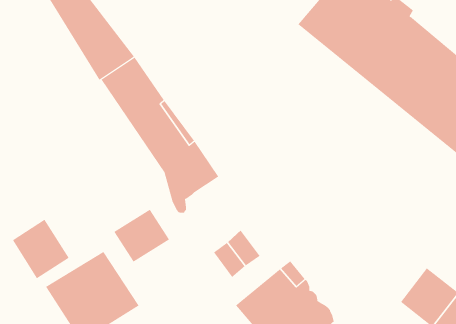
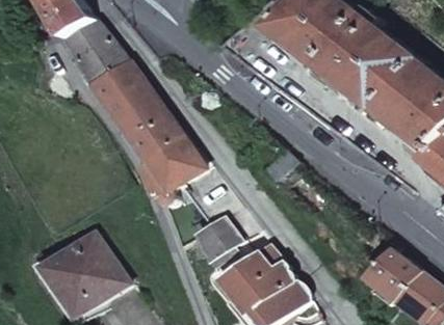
building: [114,209,170,262] -> none
building: [12,219,69,279] -> none

